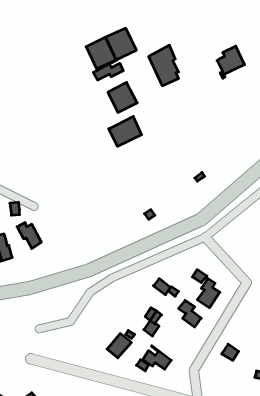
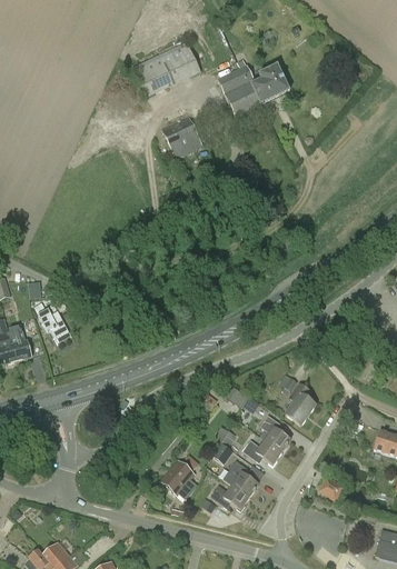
building: [217,46,245,78] -> [251,66,289,110]
building: [93,59,123,80] -> none
building: [109,116,142,146] -> none
building: none -> [241,439,281,463]
building: none -> [222,459,259,497]

